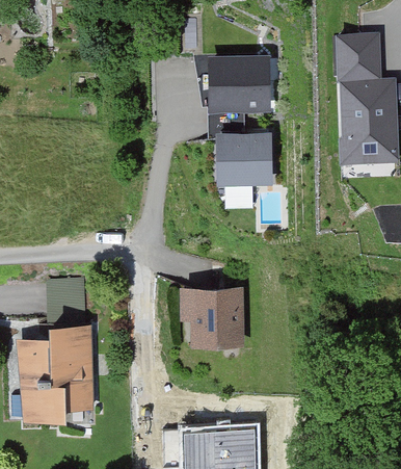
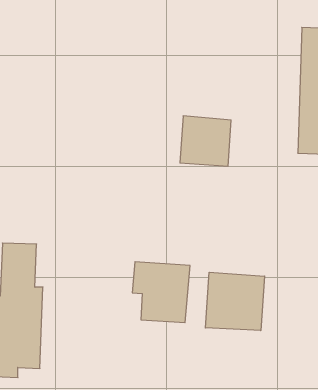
building: [208,54,270,110] -> none
building: none -> [205,272,265,331]

